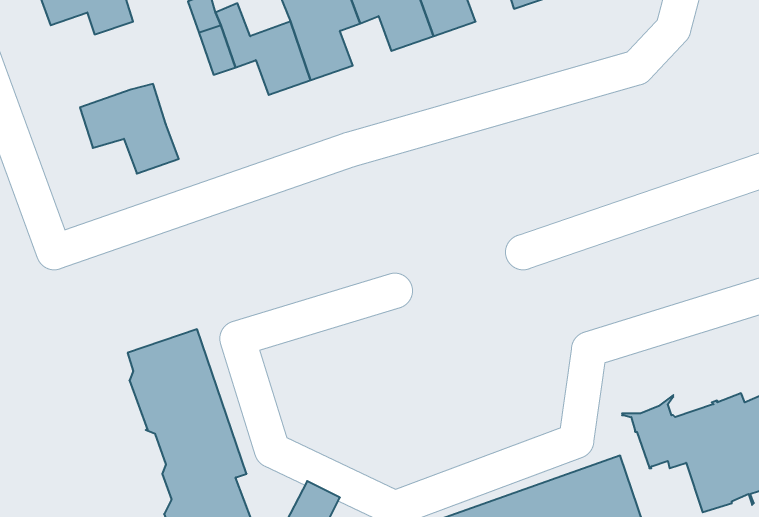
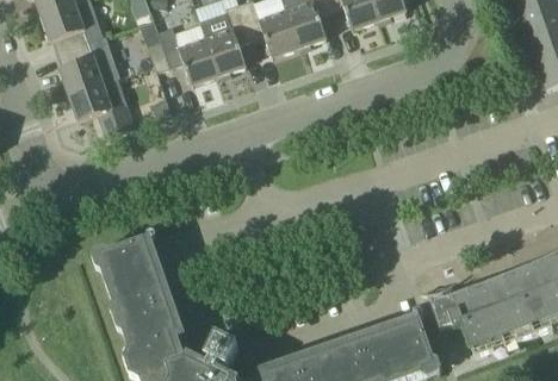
building: none -> [60,35,114,92]

